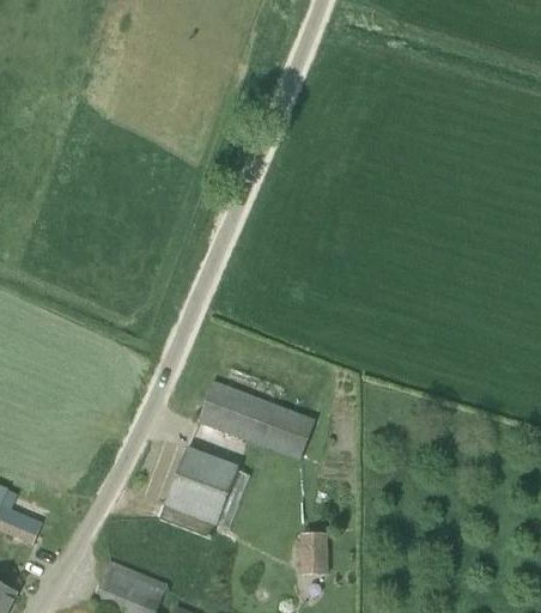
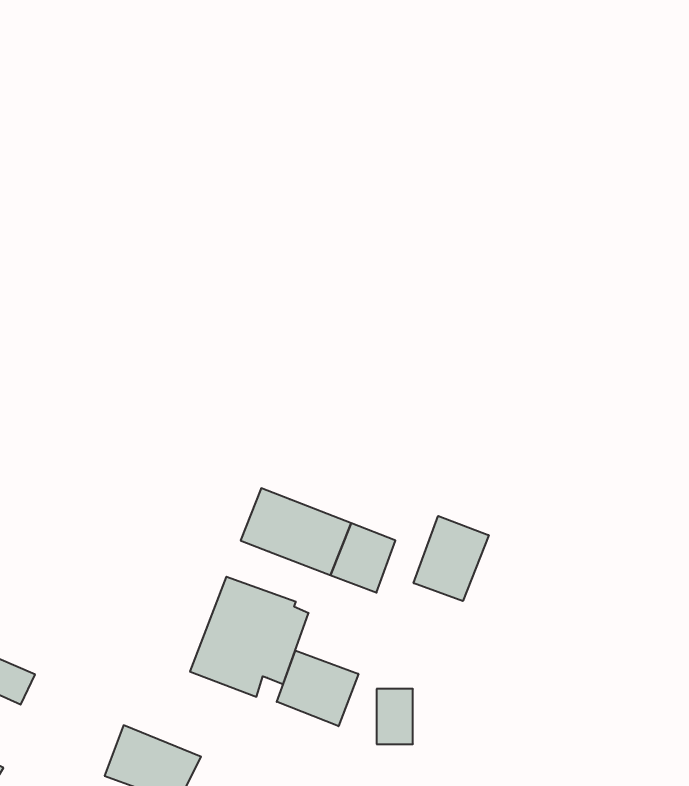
building: none -> [414,516,489,601]
building: none -> [277,651,358,726]

